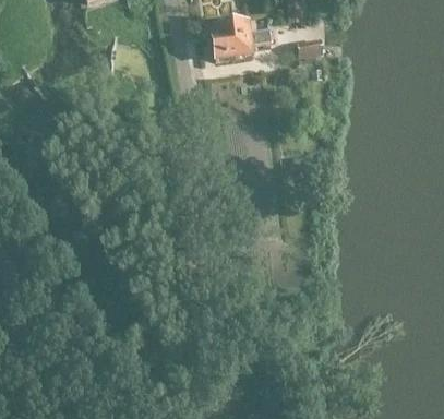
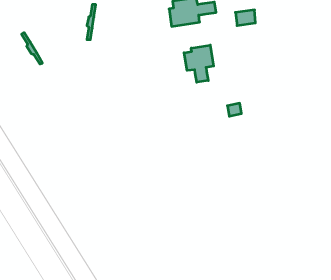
building: none -> [184,45,214,82]

